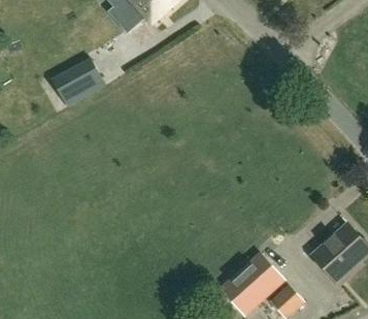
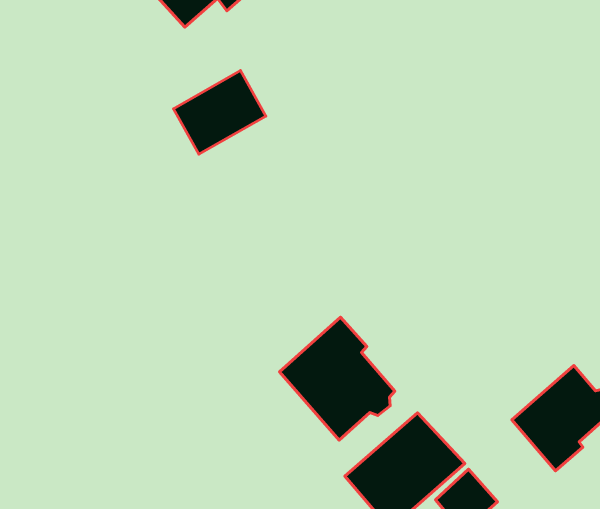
building: [52,59,104,106] -> [173,71,266,154]
building: none -> [279,317,395,440]

